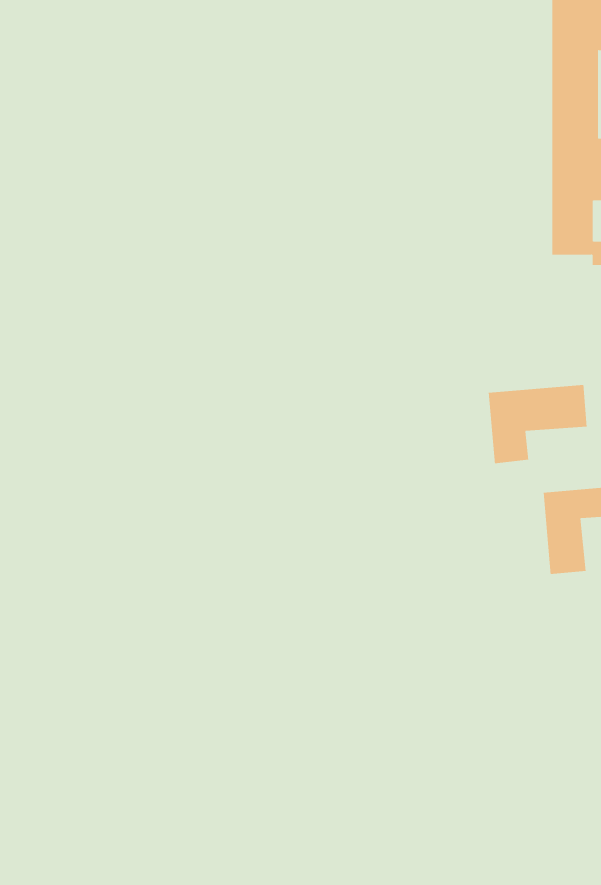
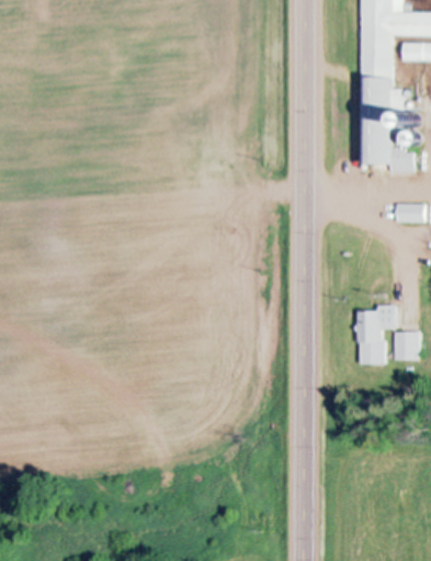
building: [488,384,587,464] -> none

